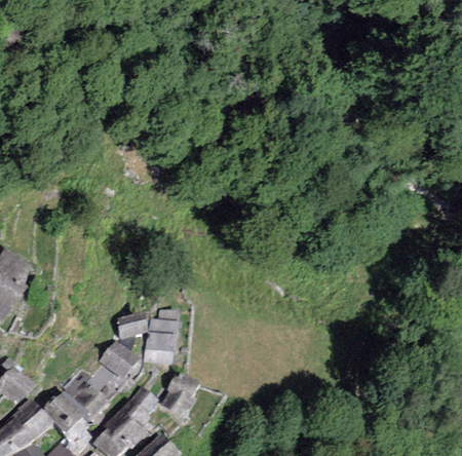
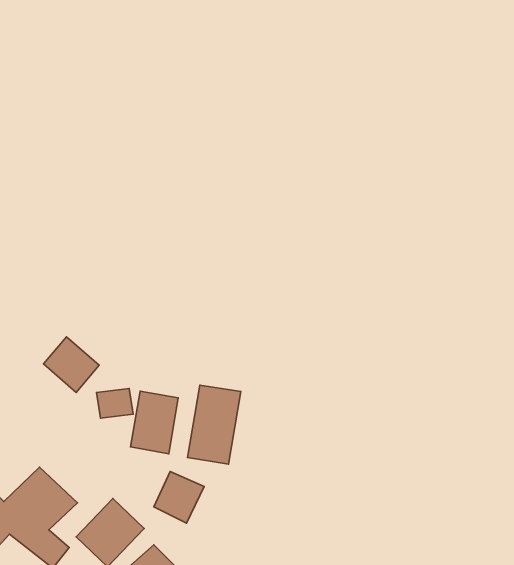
building: none -> [188,385,241,464]
building: [99,339,141,381] -> [43,337,99,393]

